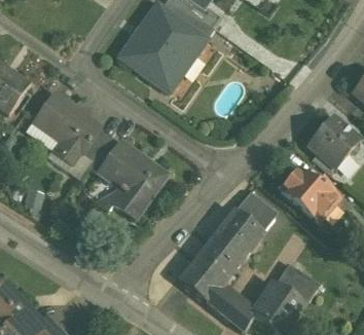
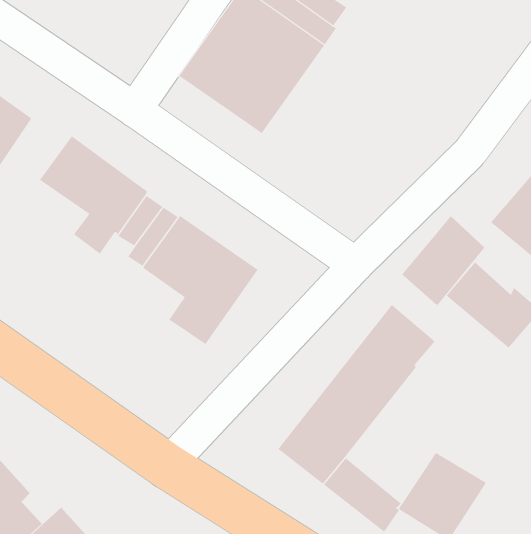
building: none -> [401,216,485,306]
building: [275,262,319,302] -> none

